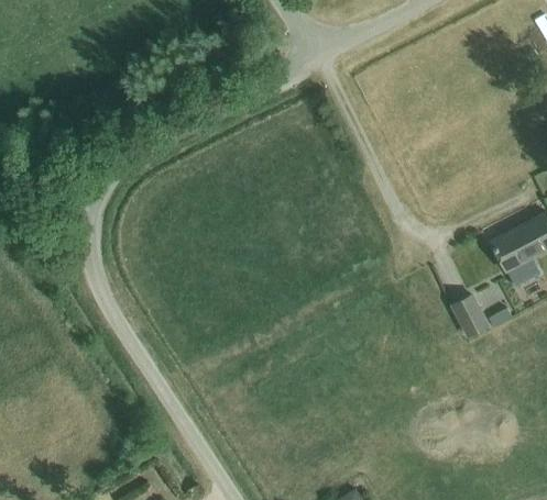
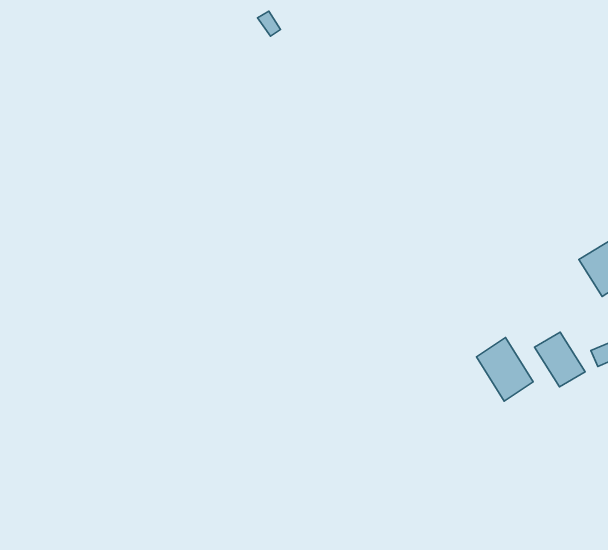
building: none -> [476,337,533,401]

